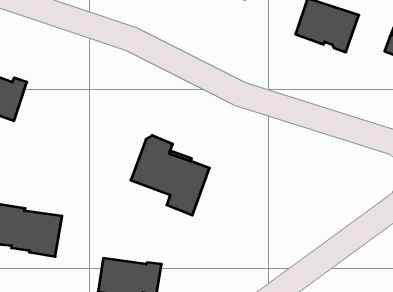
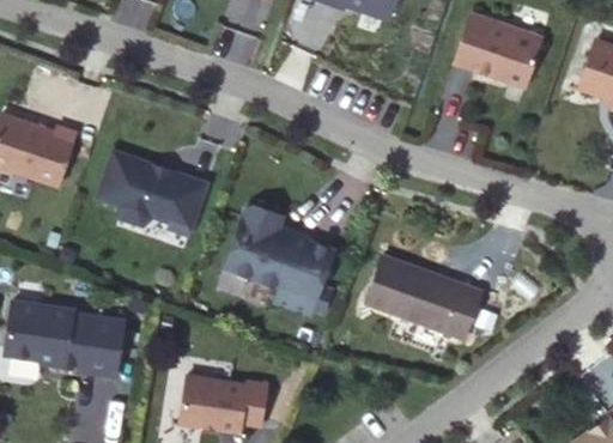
building: none -> [96,148,211,235]
building: none -> [363,257,480,344]

